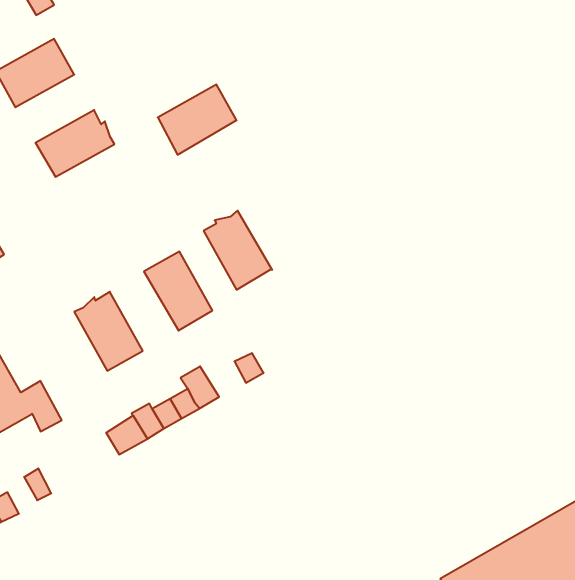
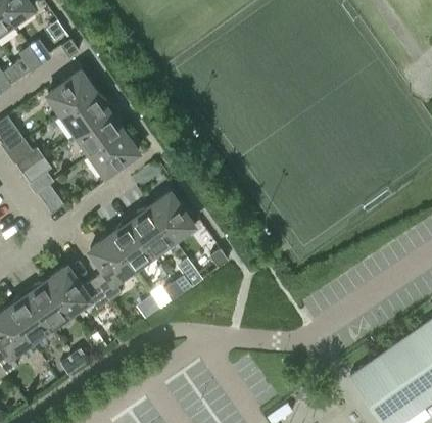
building: none -> [61,92,109,136]
building: [158,85,237,155] -> [90,132,138,177]
building: [204,211,272,290] -> [130,207,174,255]
building: none -> [89,236,133,302]

